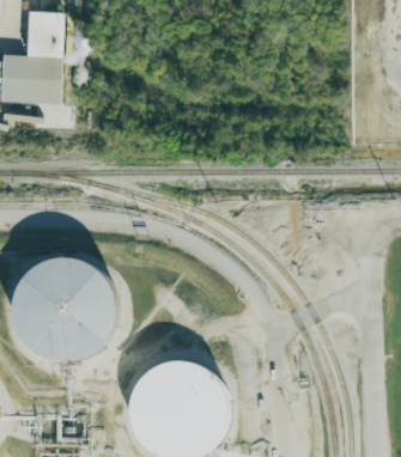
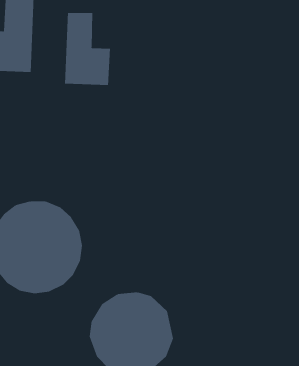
building: none -> [65,12,110,86]

